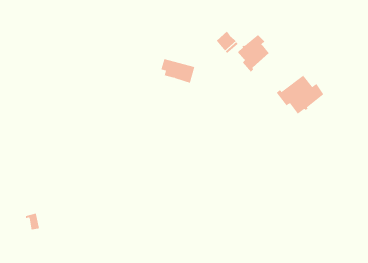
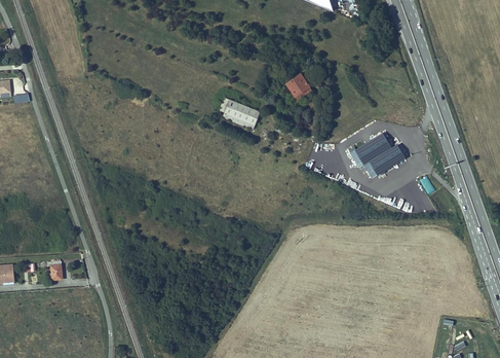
building: [237,34,270,72] -> none

